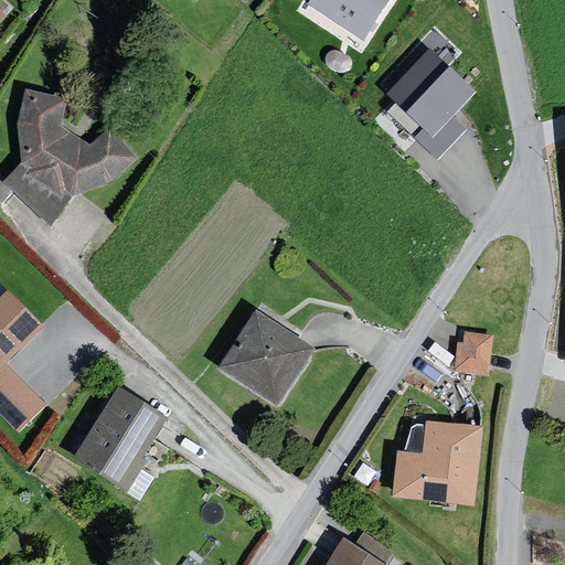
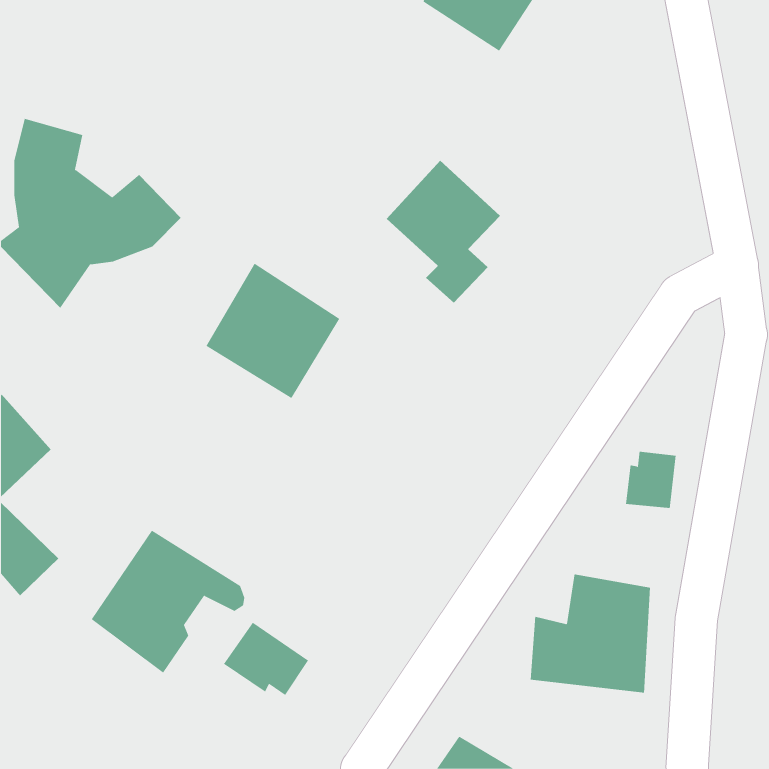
building: [394,47,478,152] -> [386,160,501,304]
building: [214,308,312,407] -> [206,263,340,399]
building: none -> [223,622,309,696]

